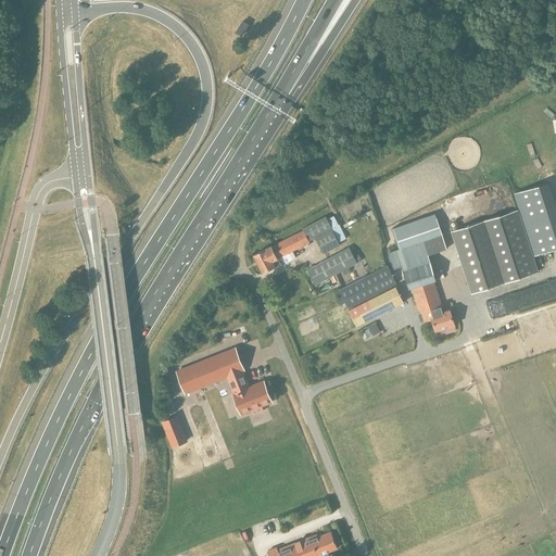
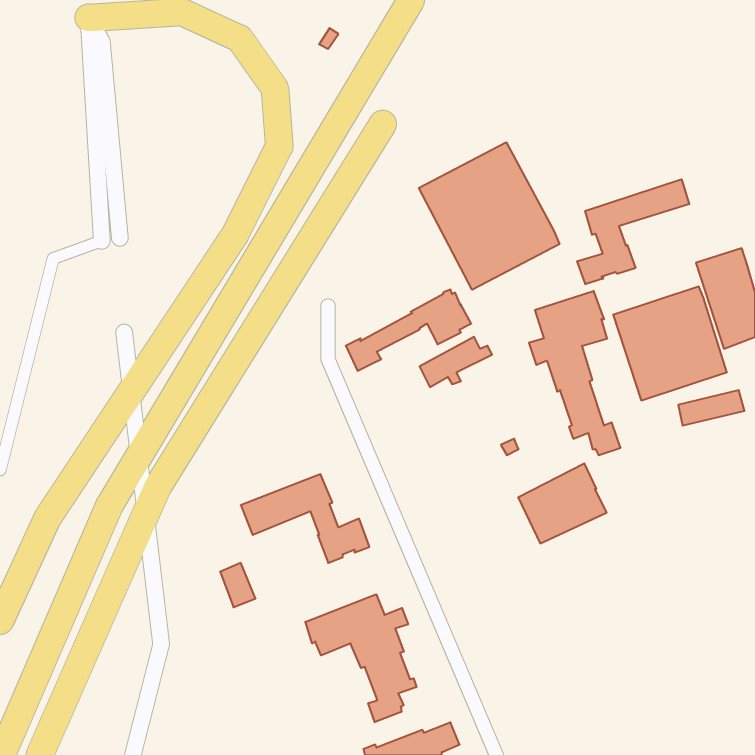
building: none -> [419,142,559,290]
building: none -> [577,179,689,284]
building: [339,265,404,324] -> [518,464,607,543]
building: none -> [305,594,416,722]

